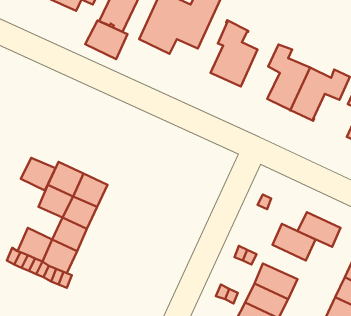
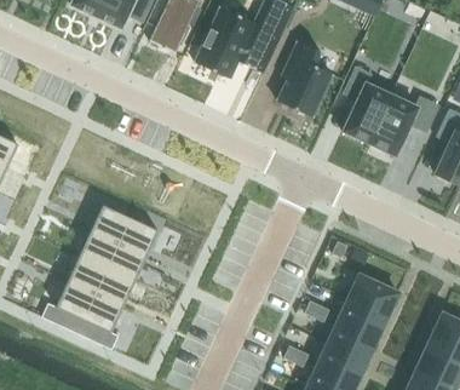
building: [85,21,127,59] -> none
building: [21,158,55,190] -> [67,254,107,292]
building: [298,212,341,247] -> [338,298,387,338]

